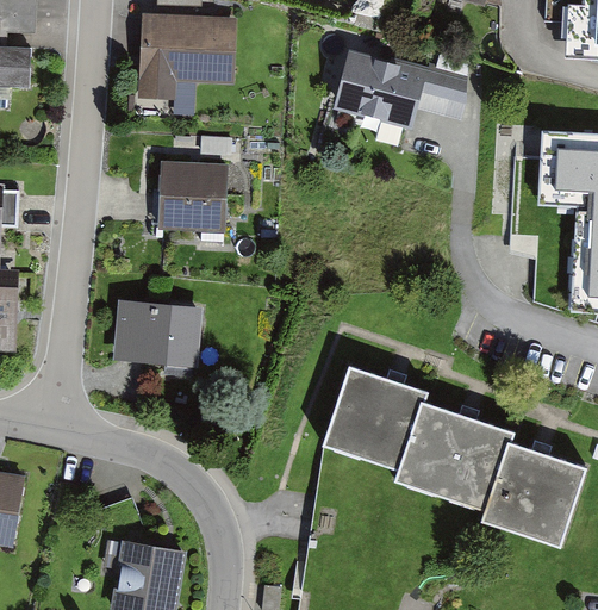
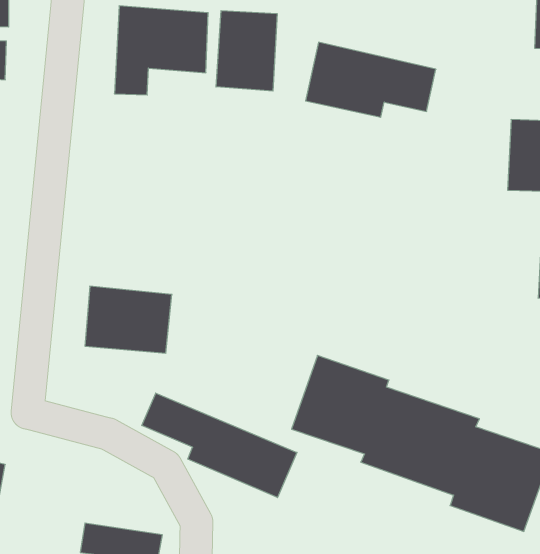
building: none -> [216,11,277,91]
building: [158,161,229,230] -> none
building: none -> [142,393,297,498]

